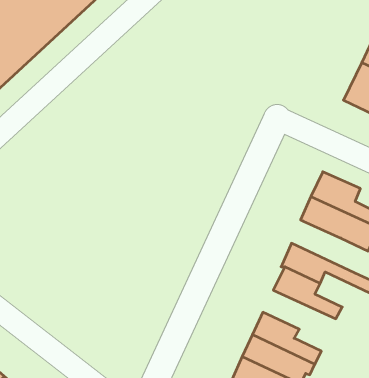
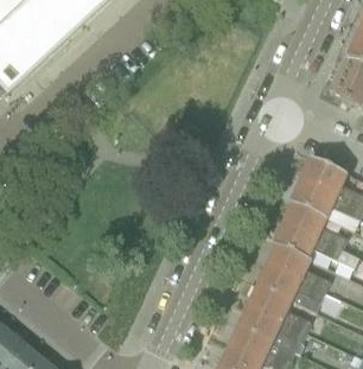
building: none -> [282,203,346,250]
building: none -> [256,266,339,319]

